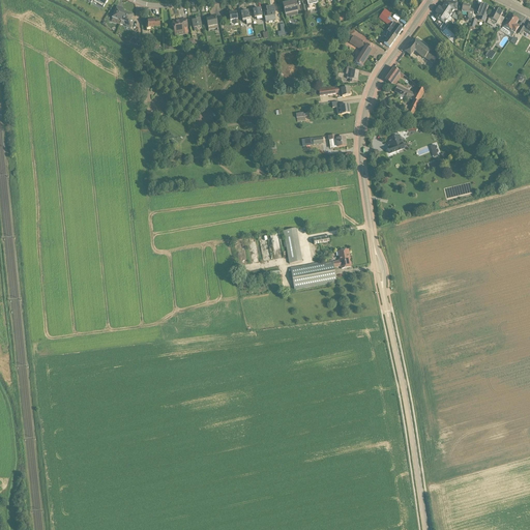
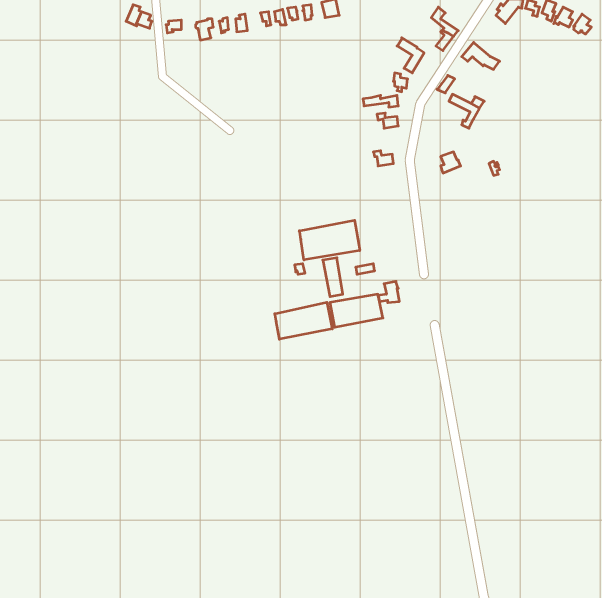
building: none -> [299,220,360,260]
building: none -> [275,302,332,339]

